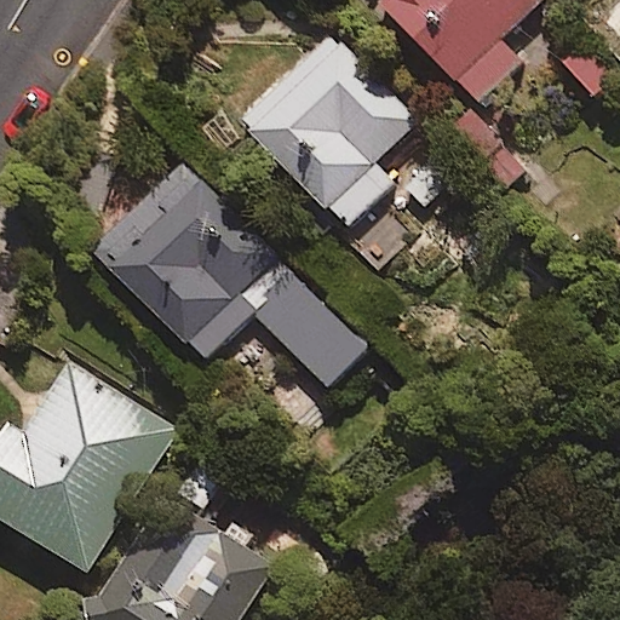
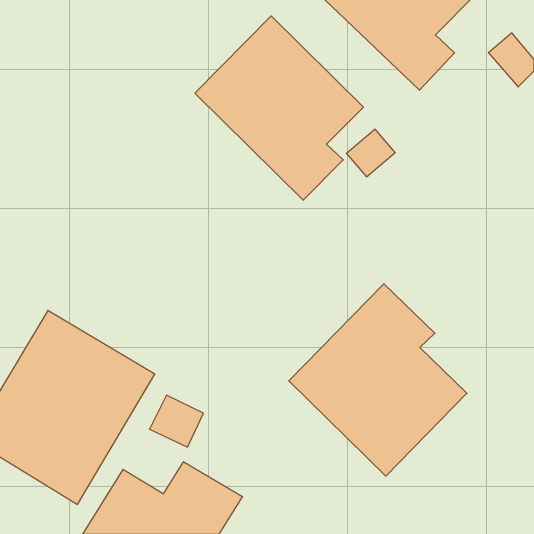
building: [93,163,368,386] -> none
building: none -> [289,284,467,476]

